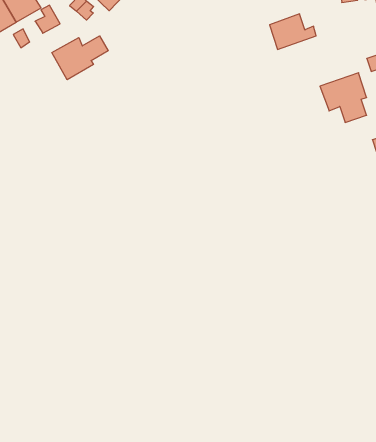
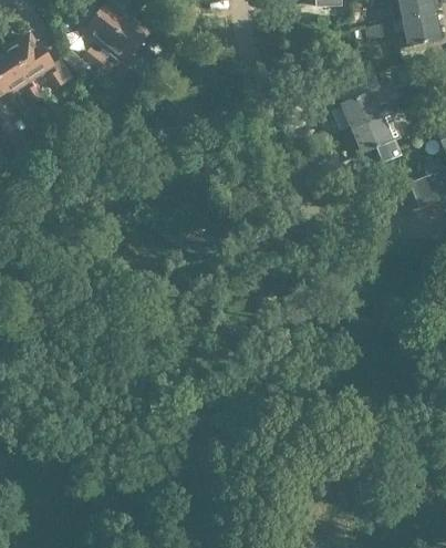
building: [270,14,316,49] -> [340,87,390,126]
building: [52,36,108,80] -> none

